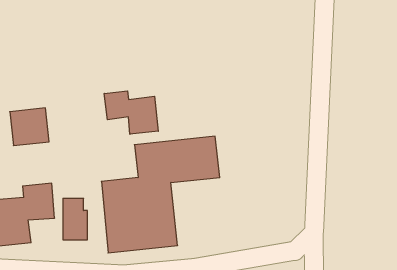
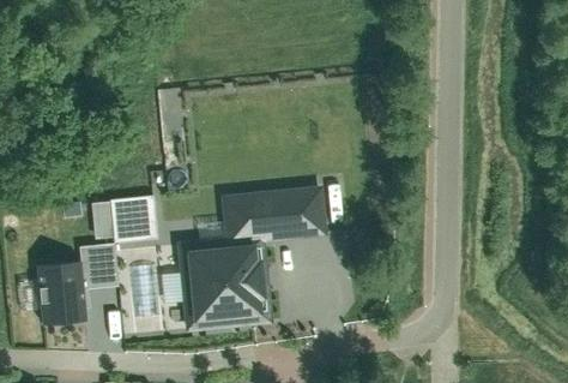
building: [104,91,158,134] -> none
building: [10,108,49,146] -> [109,199,159,247]

